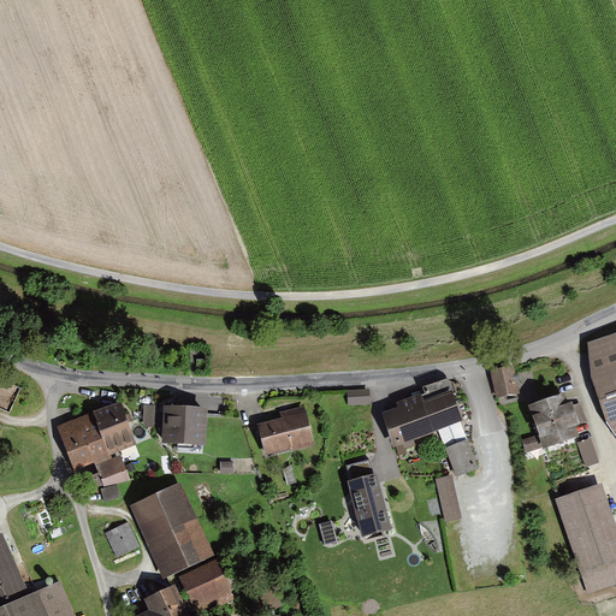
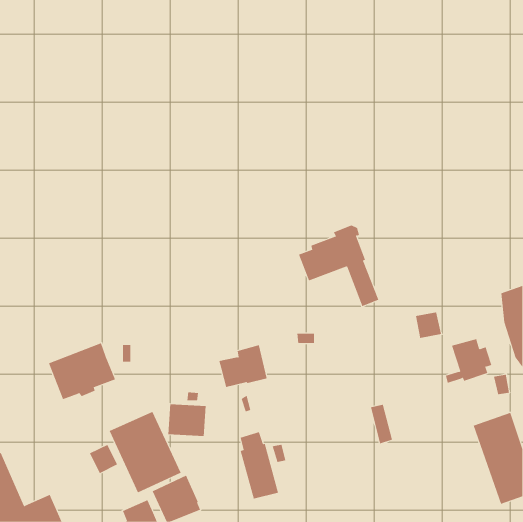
building: [381,379,476,475] -> [298,225,379,307]
building: [161,407,207,445] -> [167,404,206,437]
building: [95,456,130,486] -> none
building: [346,458,392,538] -> [240,431,279,499]

